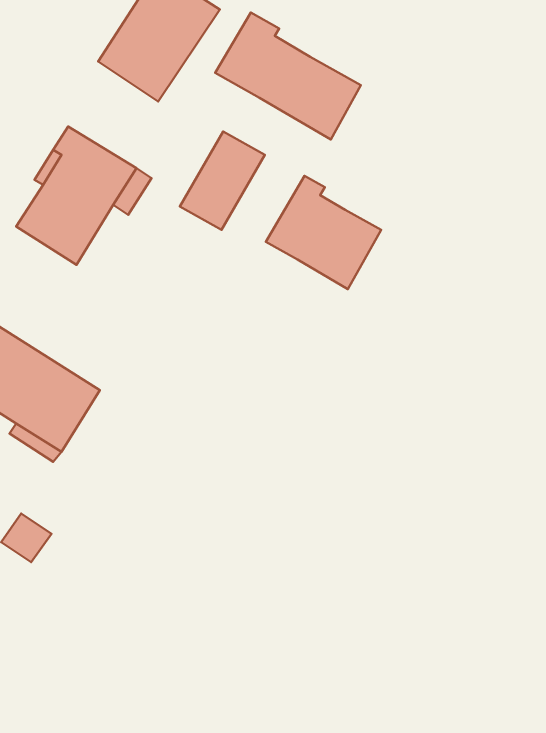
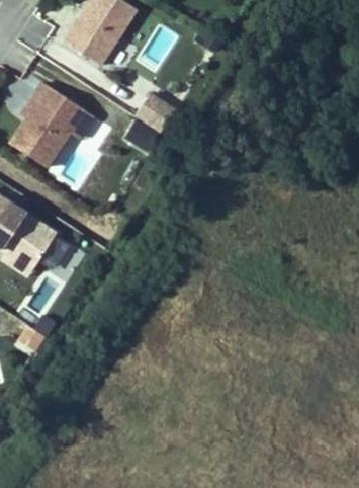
building: [215,13,361,140] -> none
building: [266,176,381,289] -> none

